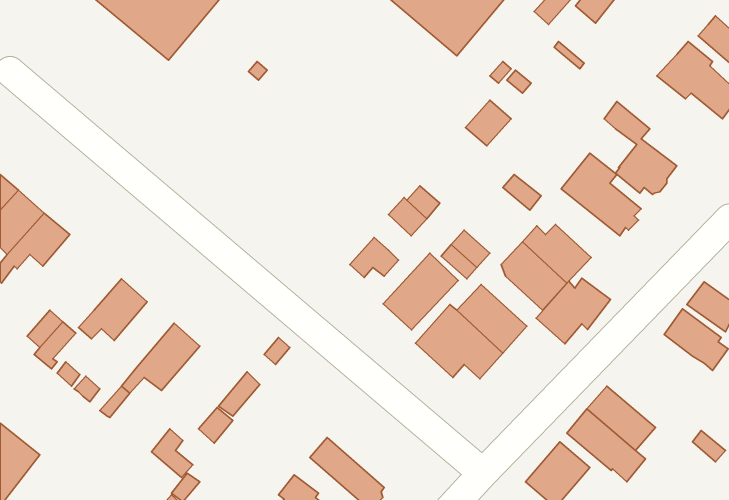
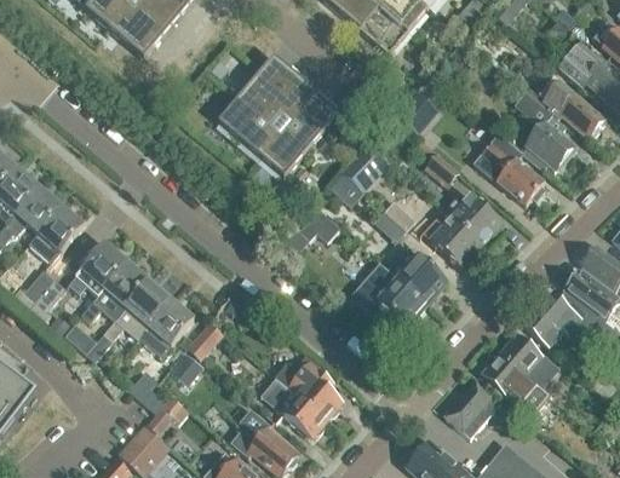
building: none -> [217,54,338,177]
building: none -> [547,82,603,138]
building: none -> [27,205,82,263]
building: [383,253,458,330] -> none
building: [536,278,610,344] -> [524,289,587,345]
building: none -> [80,261,148,321]
building: none -> [137,299,193,356]
building: none -> [276,362,341,419]

